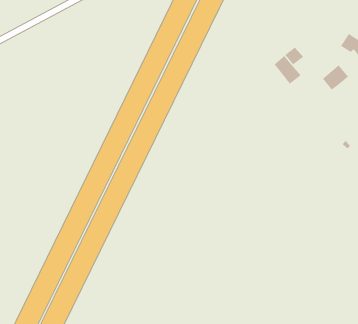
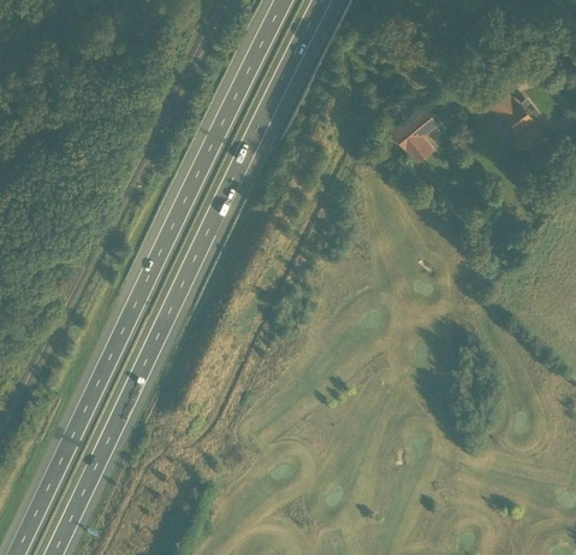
building: [322,64,349,91] -> none

